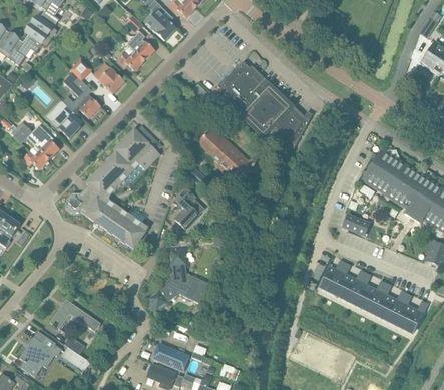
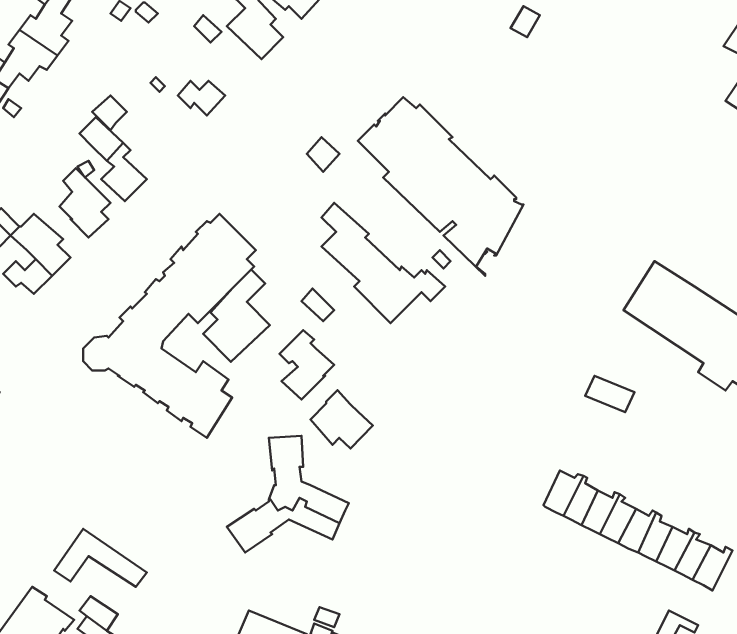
building: [127,31,155,60] -> none
building: [93,63,124,94] -> none
building: none -> [203,269,270,362]
building: none -> [310,390,373,448]

